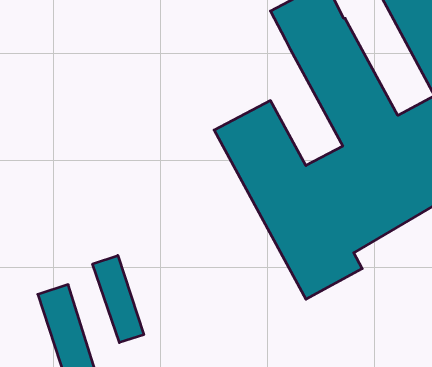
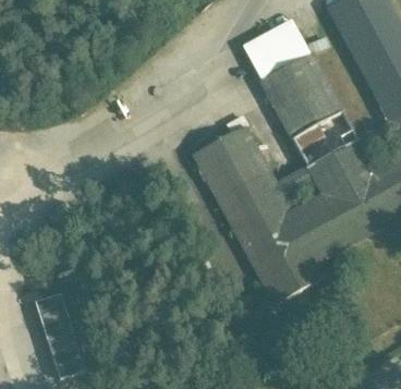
building: [93,255,144,343] -> none

